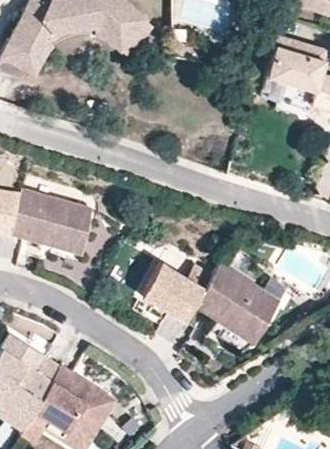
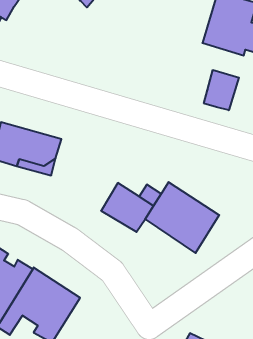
building: none -> [204,70,239,110]

